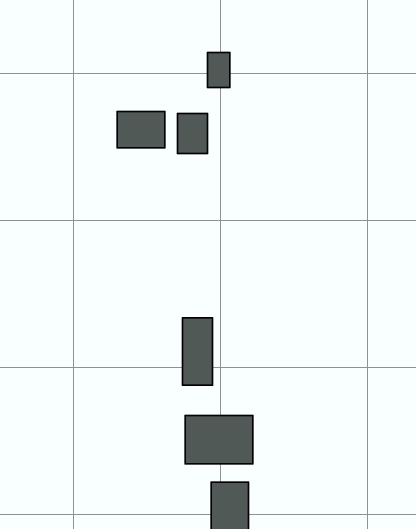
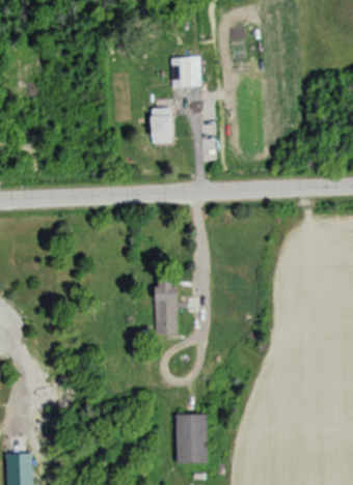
building: [117,111,165,148] -> none
building: [185,415,253,464] -> none

